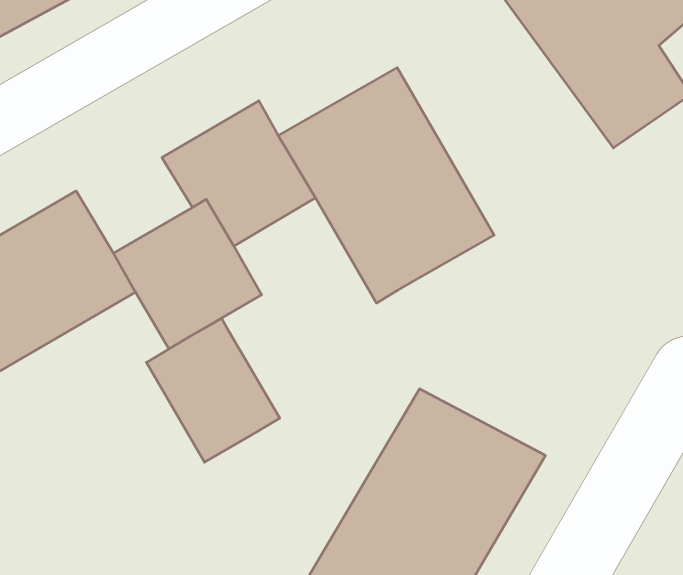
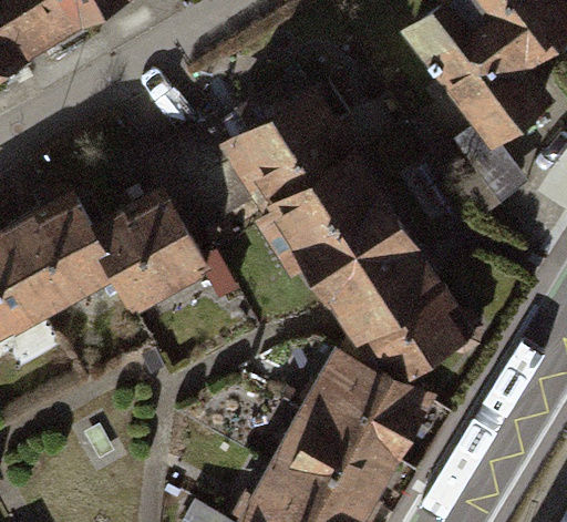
building: none -> [318,221,455,372]
building: [146,318,280,462] -> none

